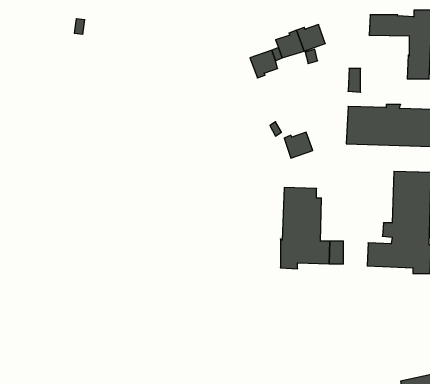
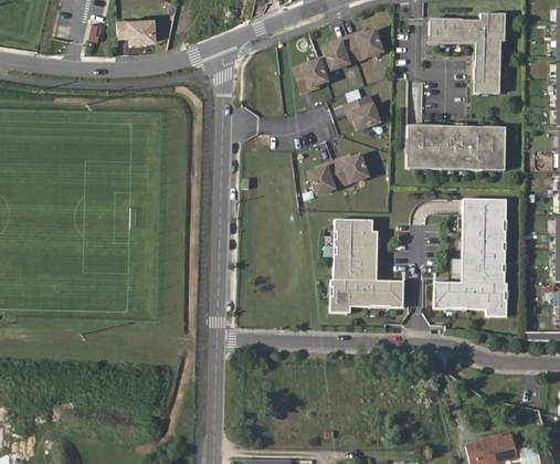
building: none -> [117,20,155,42]
building: none -> [346,96,378,129]
building: none -> [309,161,341,194]

